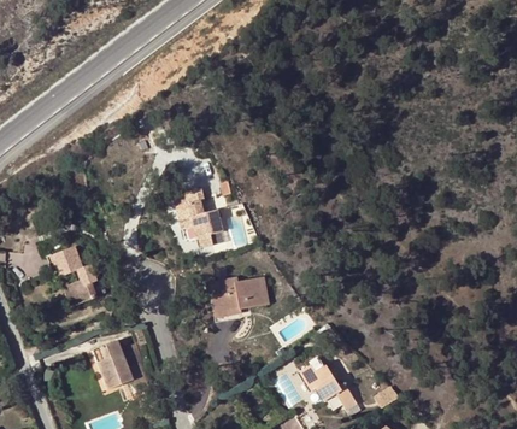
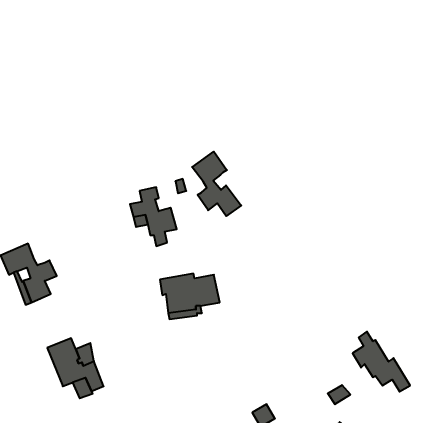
building: none -> [192,152,241,216]
building: [302,355,360,416] -> [353,332,410,392]

